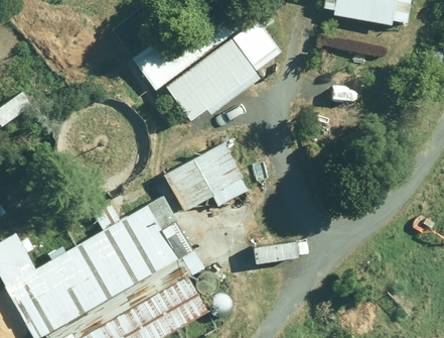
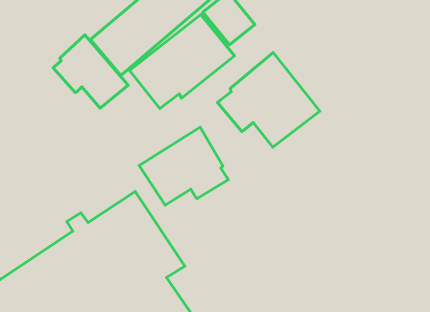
building: none -> [53,35,128,108]
building: none -> [218,52,320,147]

